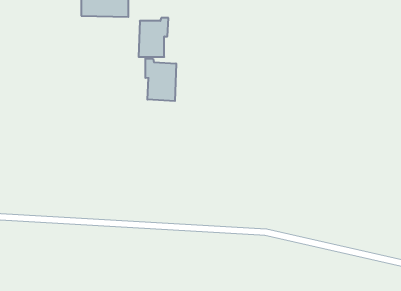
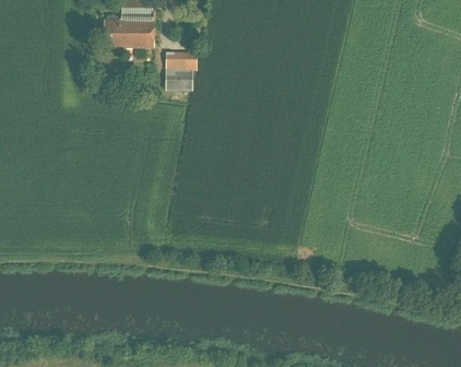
building: [145,58,176,101] -> none

